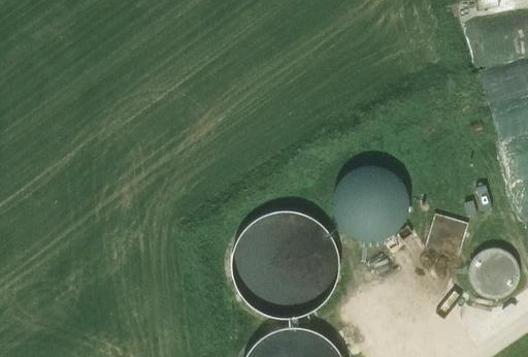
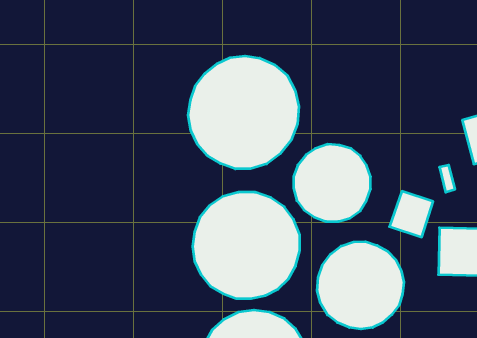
building: none -> [188,56,299,169]
building: none -> [317,242,404,329]

